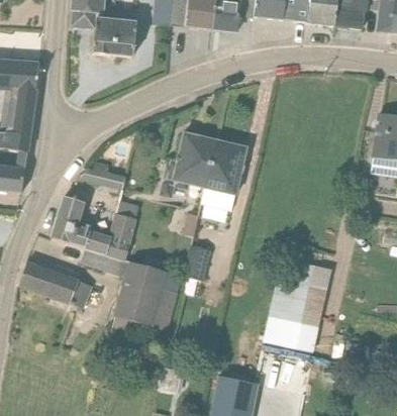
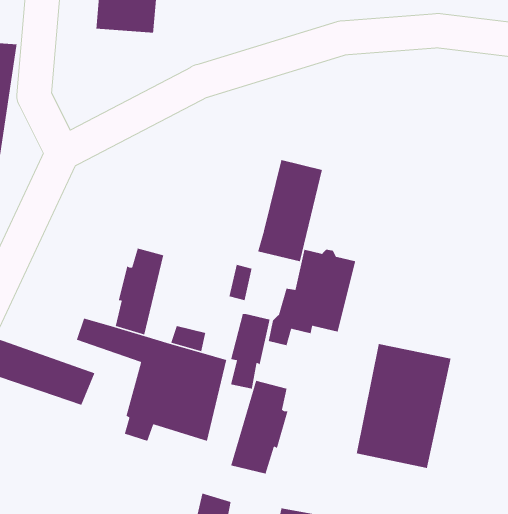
building: [159,132,218,198] -> [268,249,356,346]
building: [79,162,125,189] -> none
building: [51,196,110,253] -> none
building: none -> [230,380,288,475]

